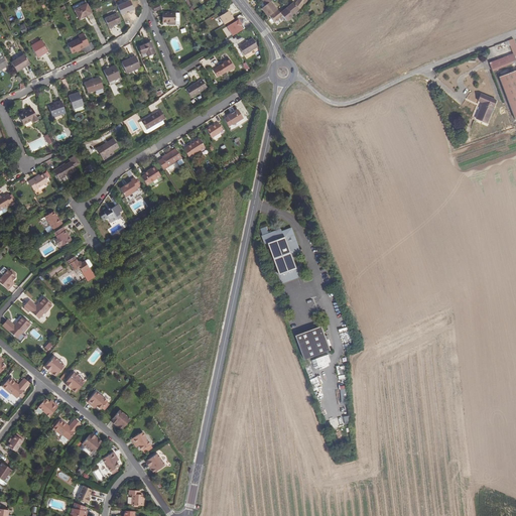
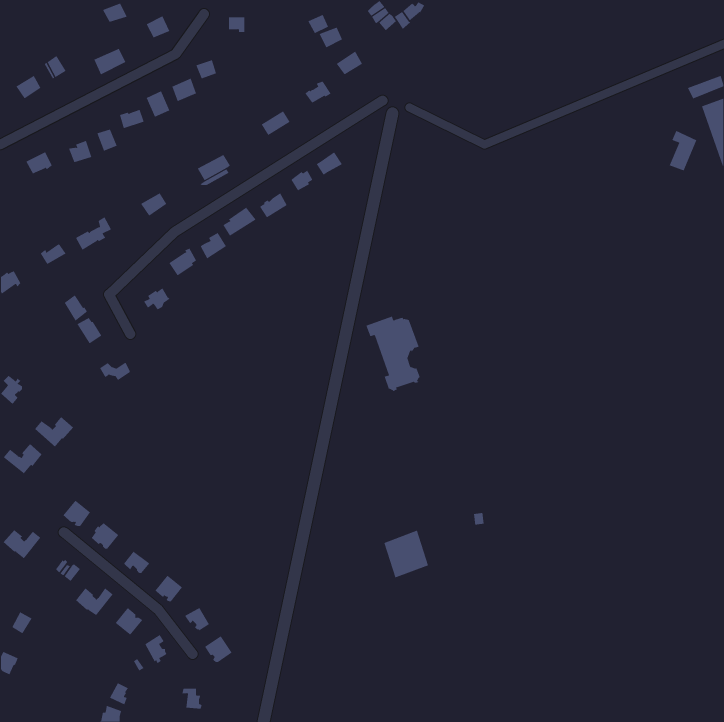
building: [295,322,328,357] -> [384,530,429,578]

